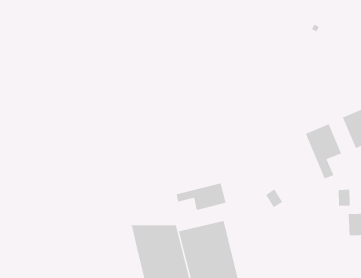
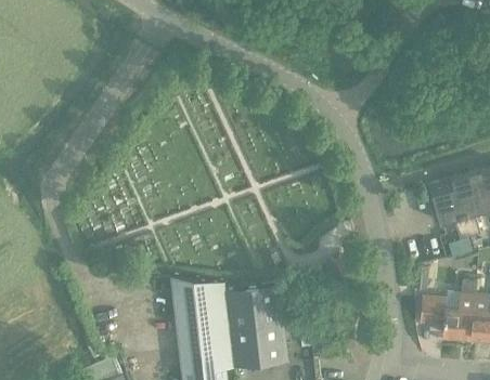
building: [305,123,342,179] -> none
building: [176,183,227,211] -> none

